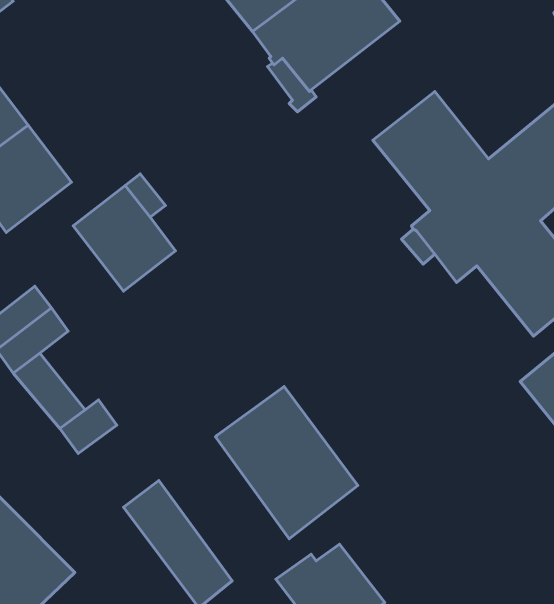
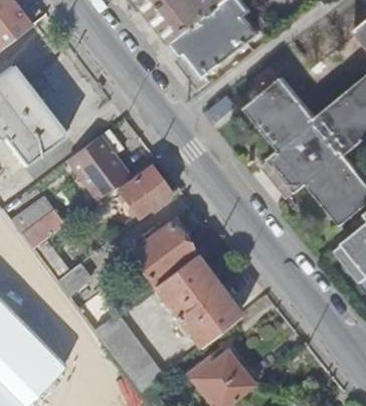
building: none -> [118,167,170,218]
building: none -> [129,217,194,284]

